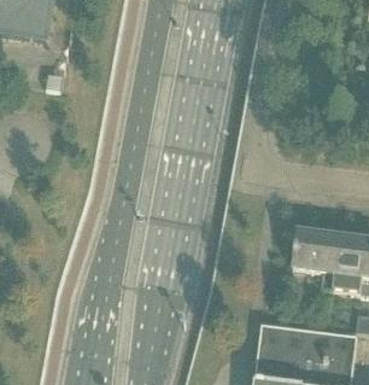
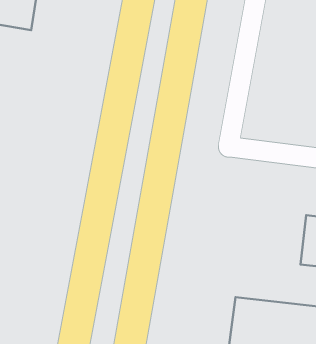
building: [292,227,340,290] -> none

